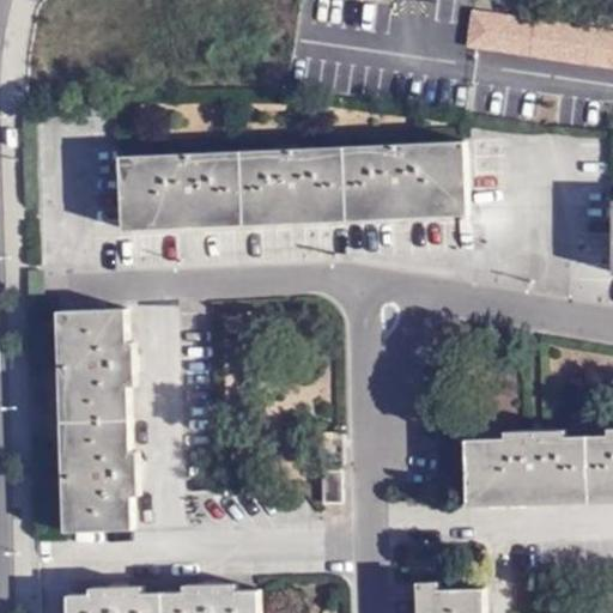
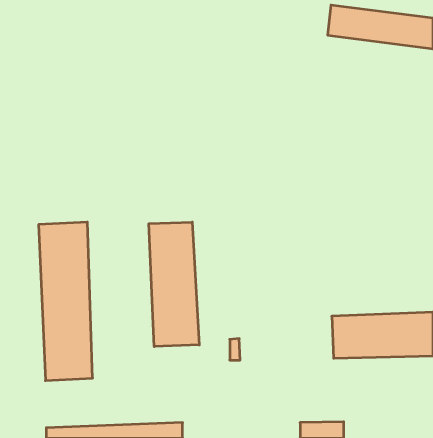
building: [117,150,463,223] -> none
building: none -> [149,222,199,347]

